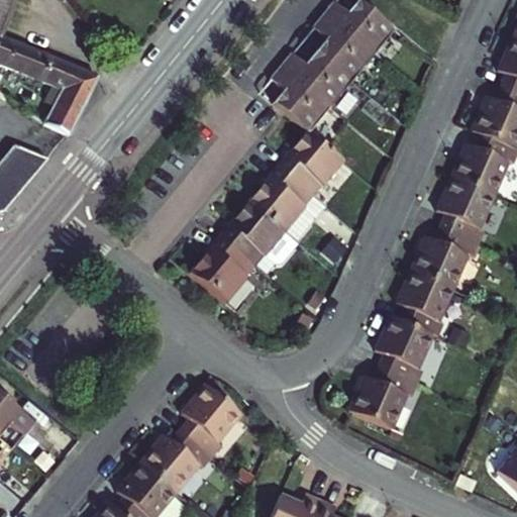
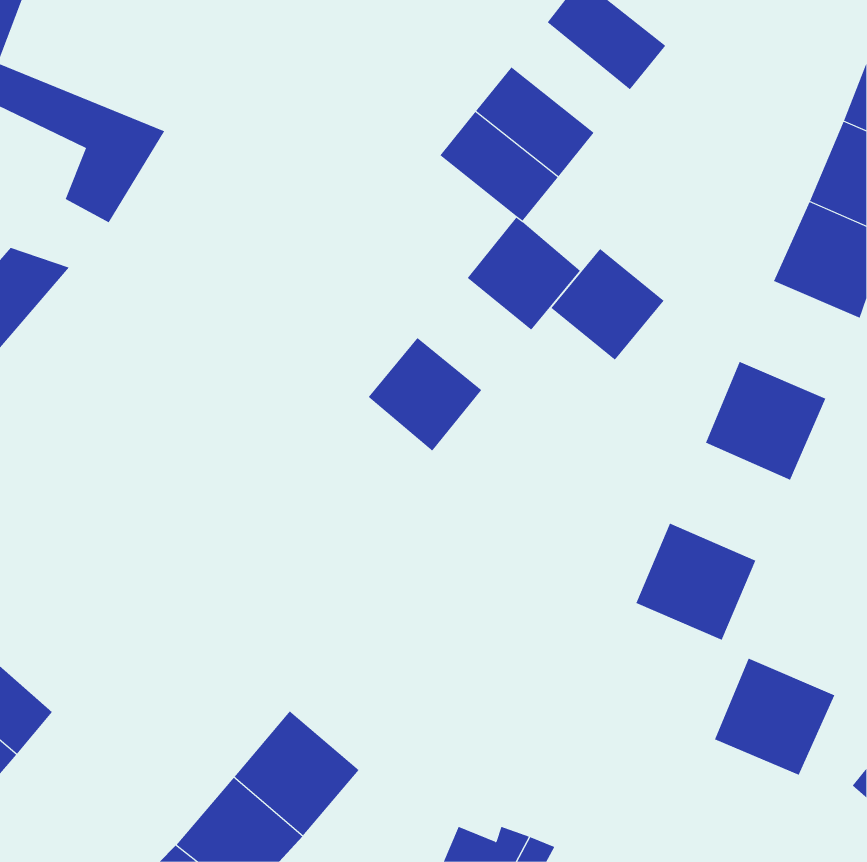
building: [303,13,374,79] -> none
building: [247,165,315,231] -> [550,248,664,360]
building: [438,167,510,236] -> none
building: [189,235,256,303] -> none
building: [397,263,469,332] -> none
building: [356,357,428,427] -> [714,658,835,775]
building: [172,382,246,456] -> none

